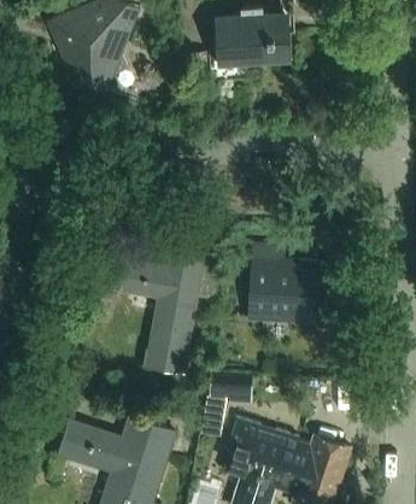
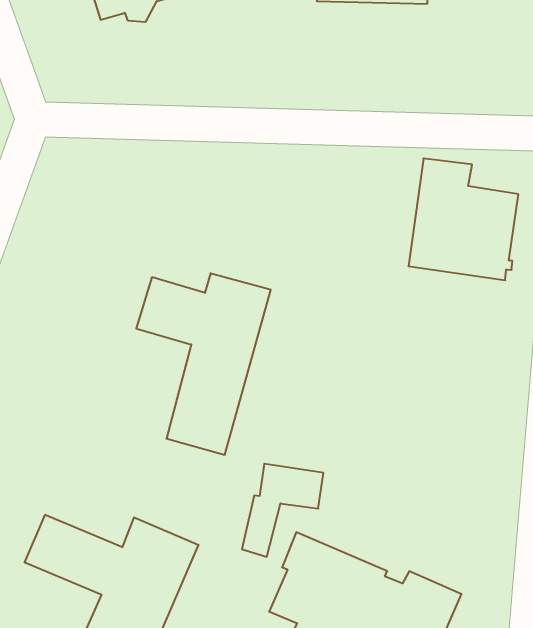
building: [248,246,317,322] -> [408,158,518,280]

